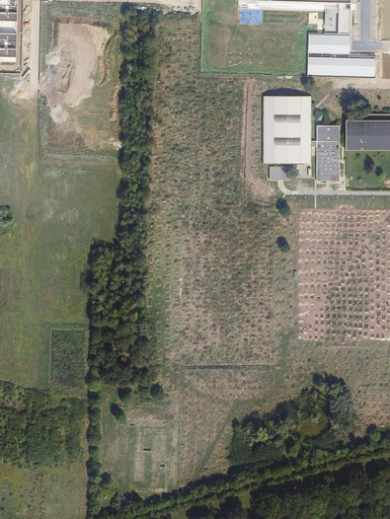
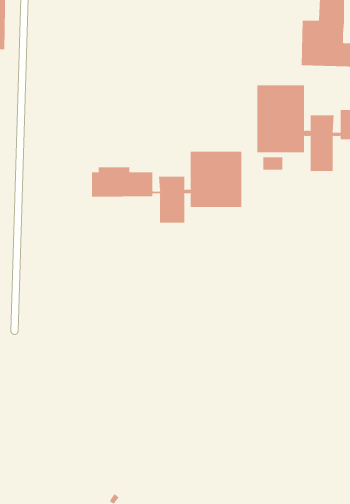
building: none -> [92,151,242,224]

